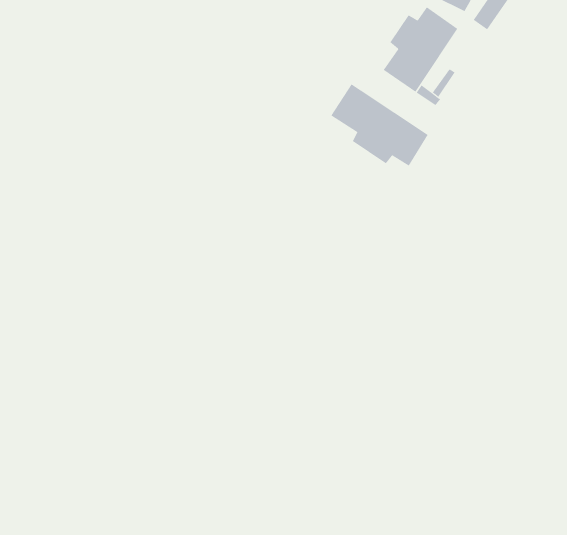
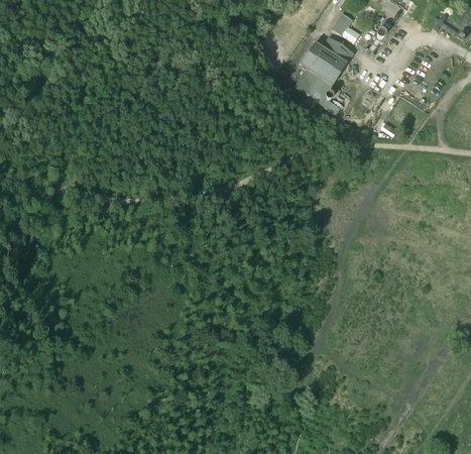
building: [331,83,428,167] -> none

